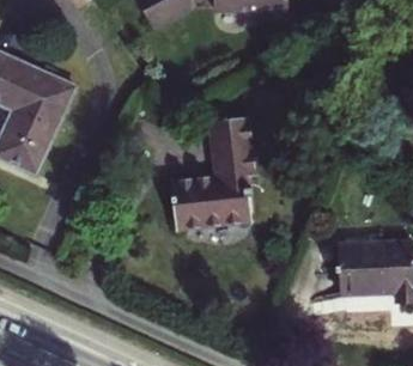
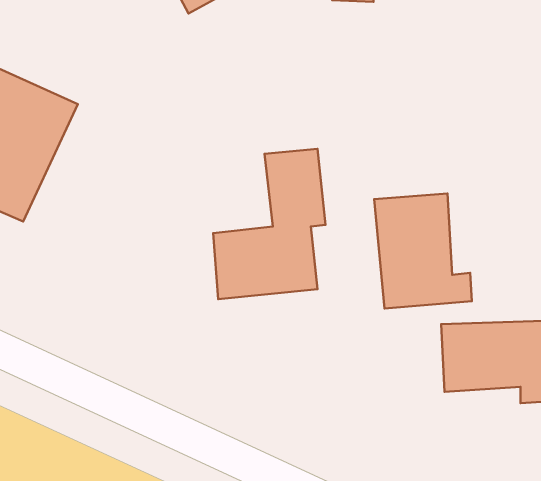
building: none -> [374,193,472,308]

